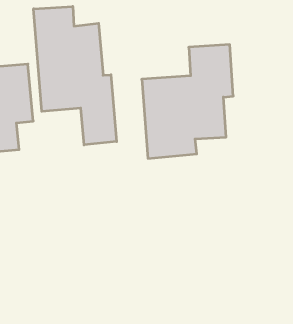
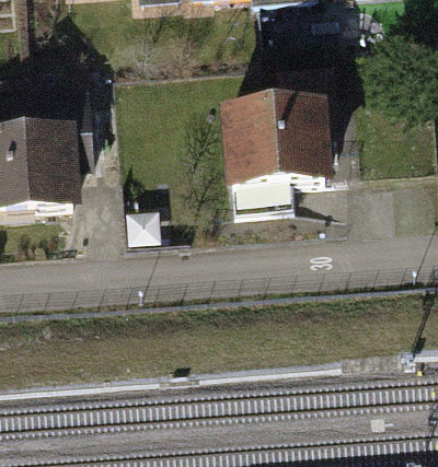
building: [34,6,117,145] -> none

